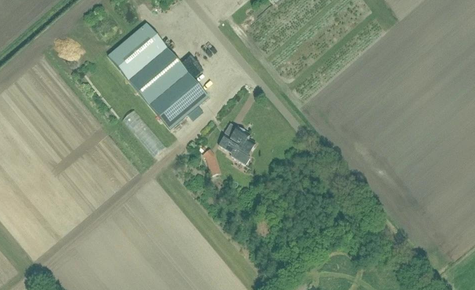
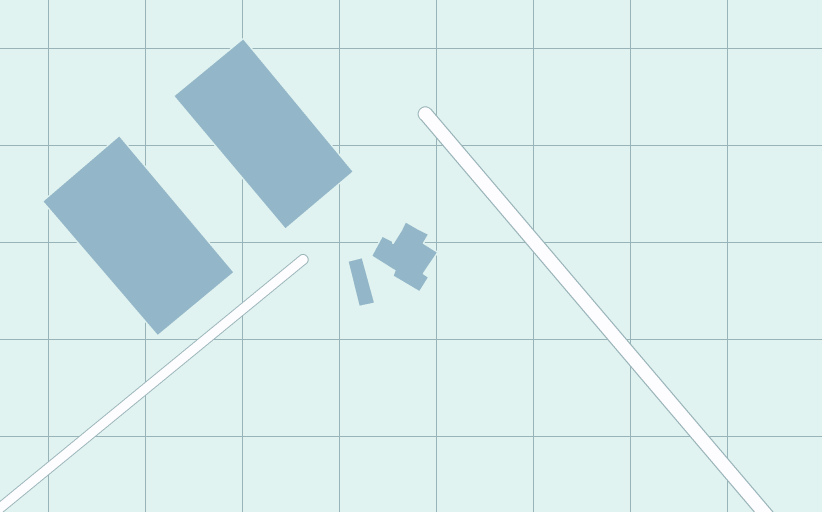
building: none -> [43,136,234,336]

